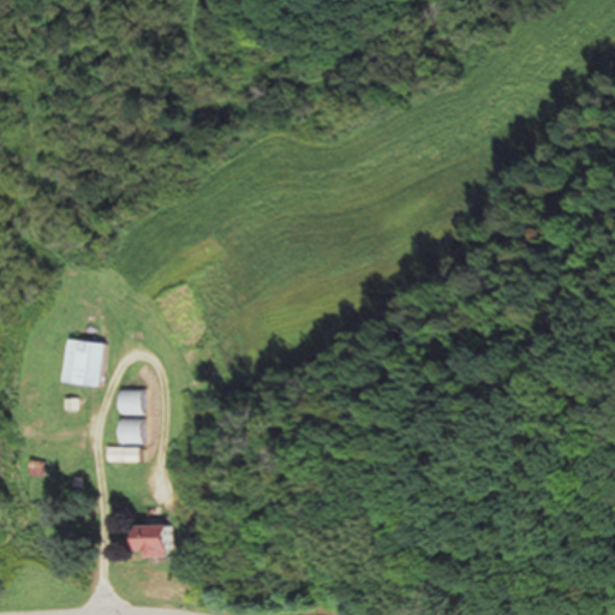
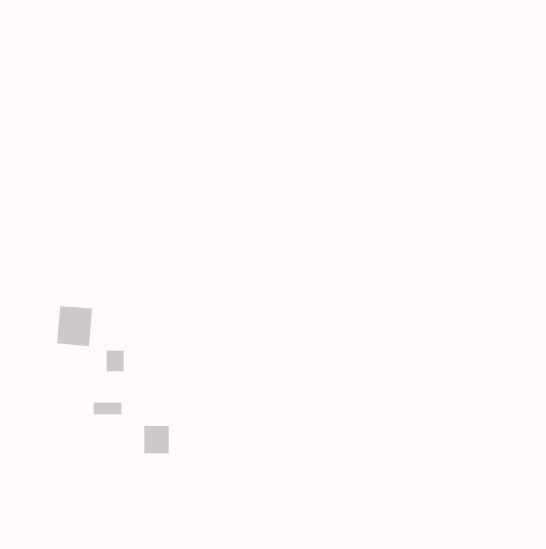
building: [117,418,138,442] -> none
building: [142,525,171,556] -> [144,426,170,454]

